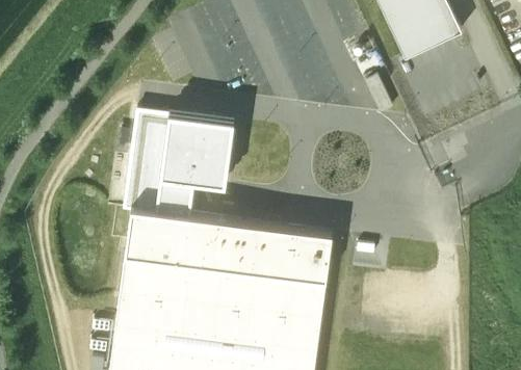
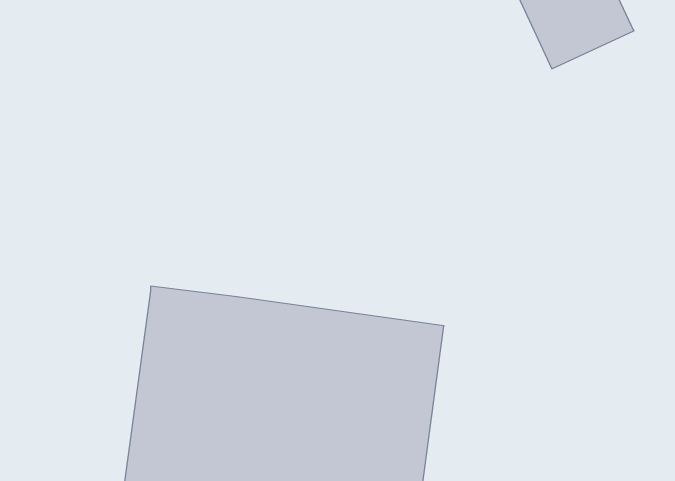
building: [123,109,234,215] -> none

